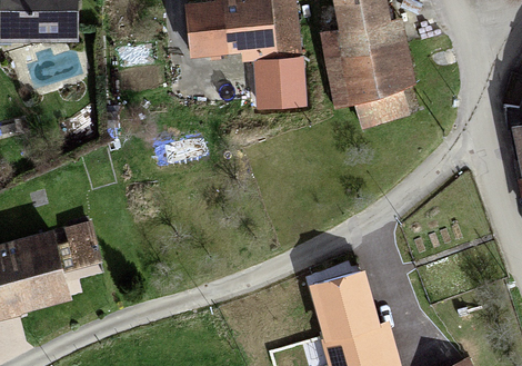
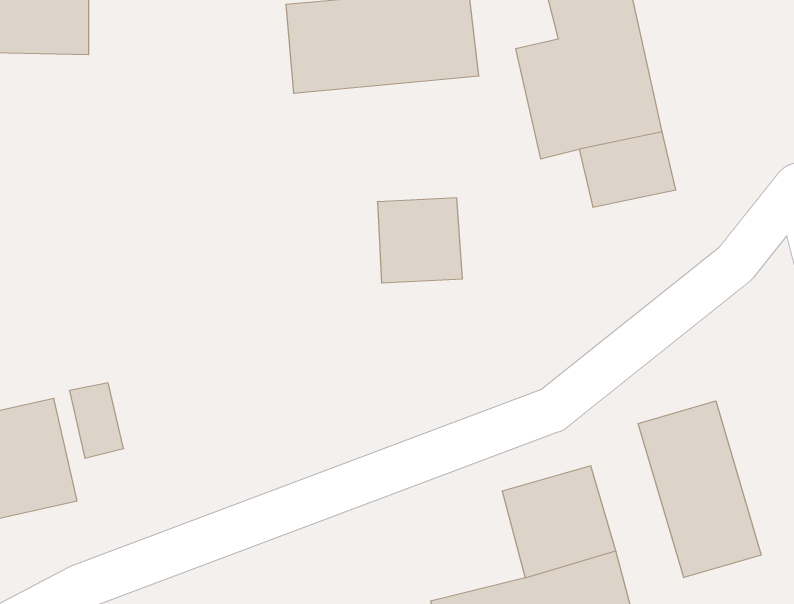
building: [255,58,304,107] -> [377,198,462,283]
building: none -> [638,401,761,578]

